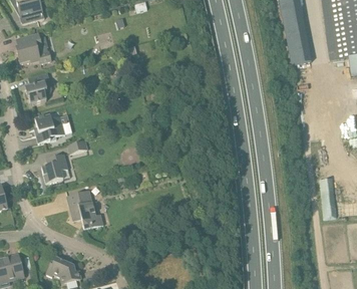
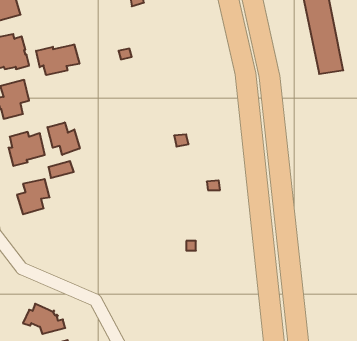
building: none -> [36,44,79,75]
building: none -> [47,122,80,155]
building: [67,190,104,229] -> none

